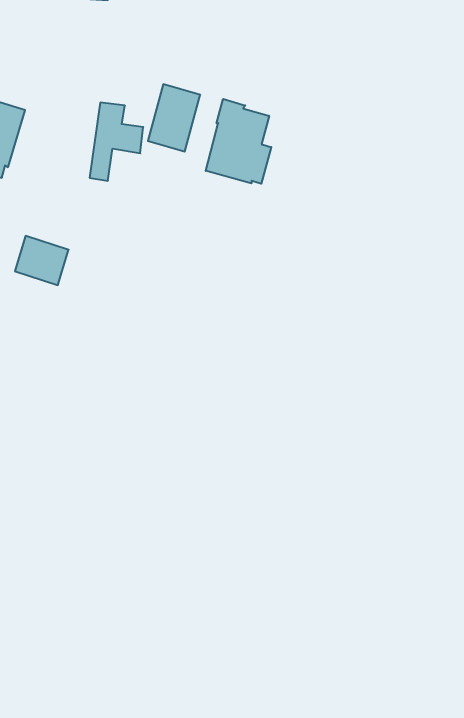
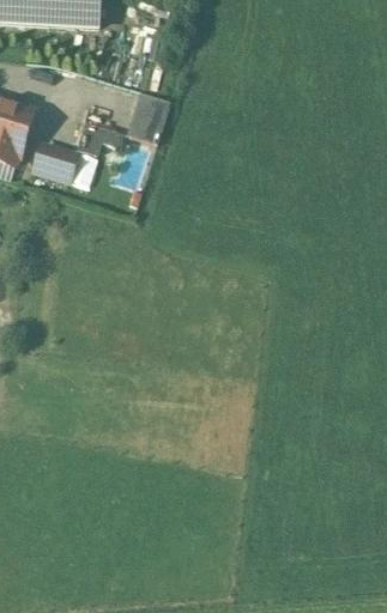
building: [206,99,271,184] -> none
building: [15,236,69,285] -> [35,144,77,182]

